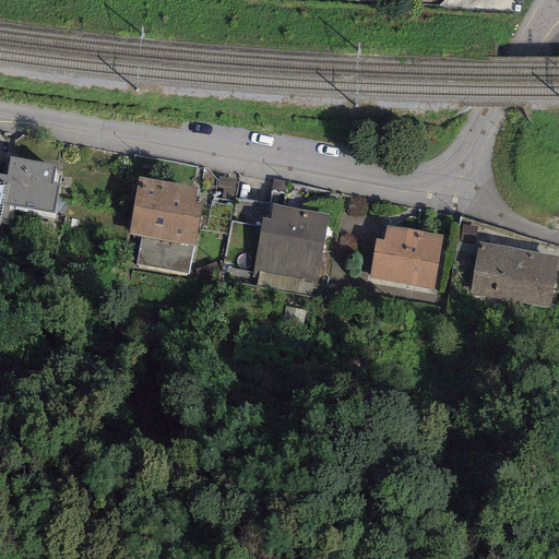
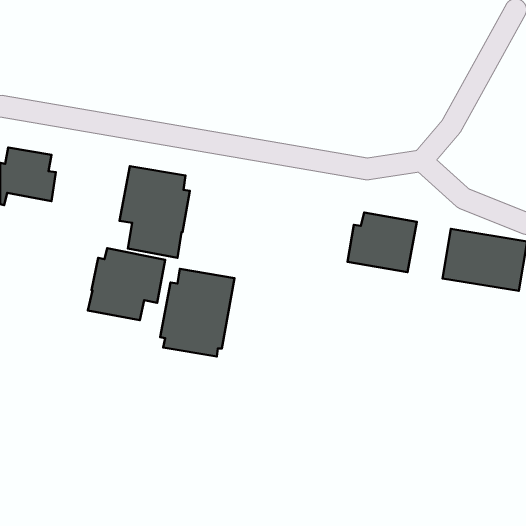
building: [251,203,330,296] -> [160,269,234,357]
building: none -> [88,248,165,320]

